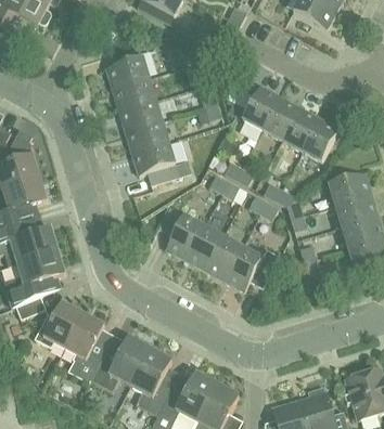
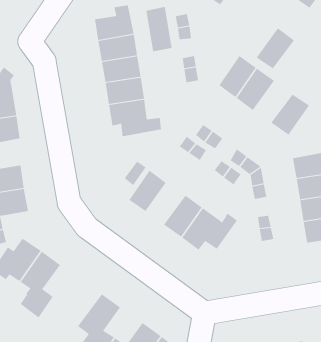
building: none -> [146,6,172,52]
building: [281,106,319,150] -> [256,28,295,69]
building: [184,225,222,269] -> none
building: [90,336,150,390] -> none

